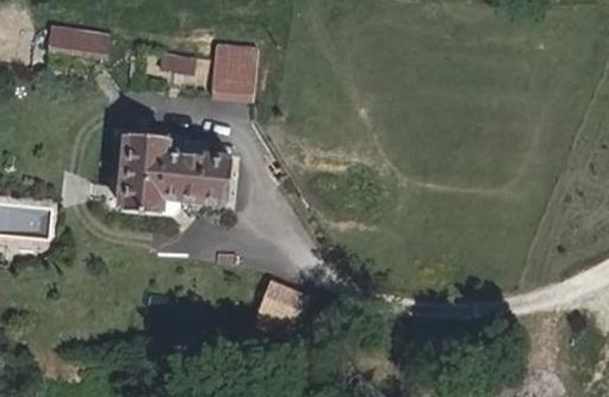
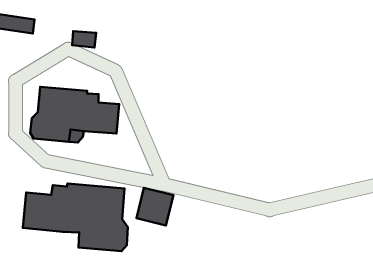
building: [212,44,259,93] -> none
building: none -> [23,184,128,251]

